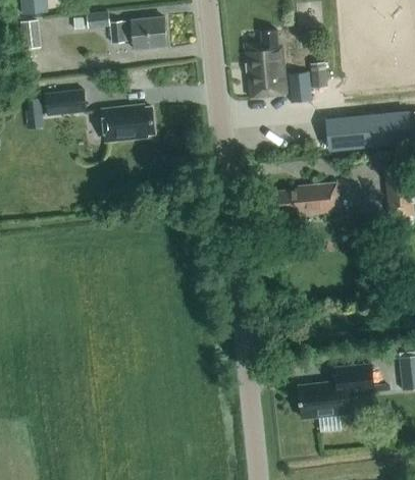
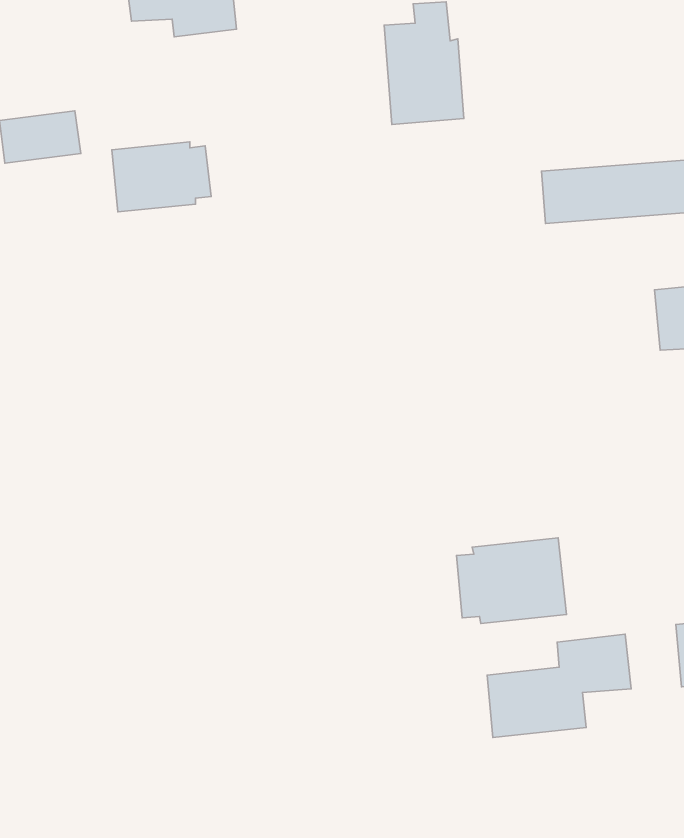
building: [290,74,321,104] -> none
building: [272,182,339,214] -> none
building: none -> [456,538,567,624]

